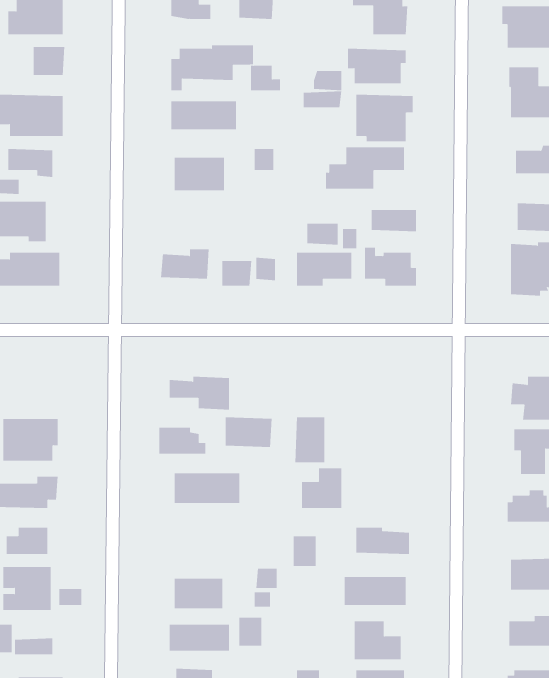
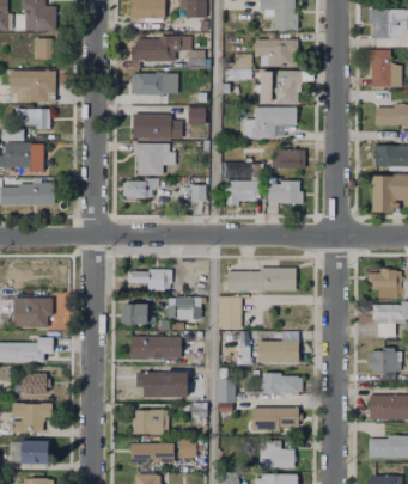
building: none -> [134,143,176,174]
building: none -> [227,266,297,293]
building: none -> [258,342,298,361]
building: none -> [135,372,188,397]

